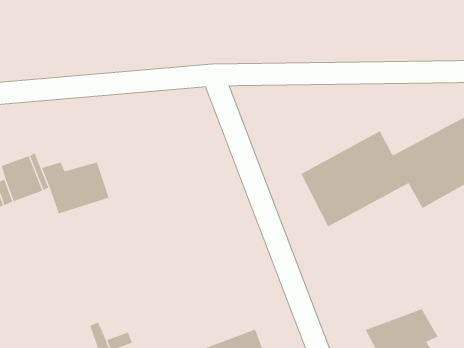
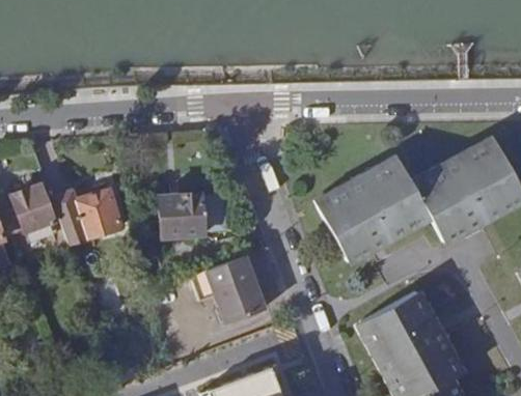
building: none -> [159,194,234,238]
building: none -> [208,255,267,323]
building: none -> [362,290,445,364]

